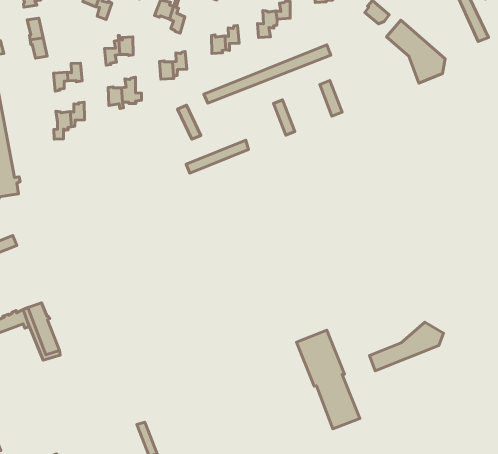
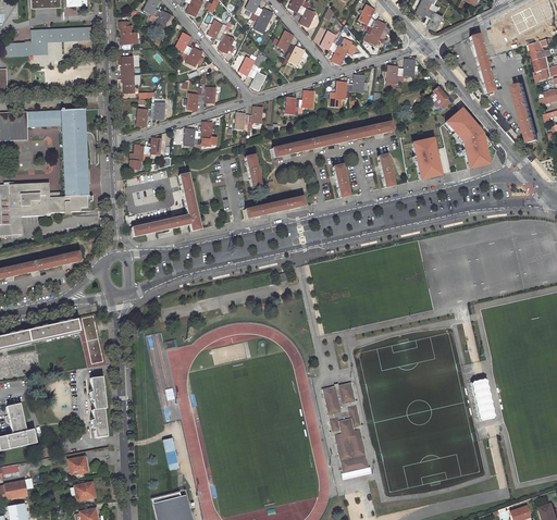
building: none -> [410,143,441,179]
building: none -> [132,173,200,236]
building: [369,322,444,371] -> none
building: none -> [90,376,108,436]

